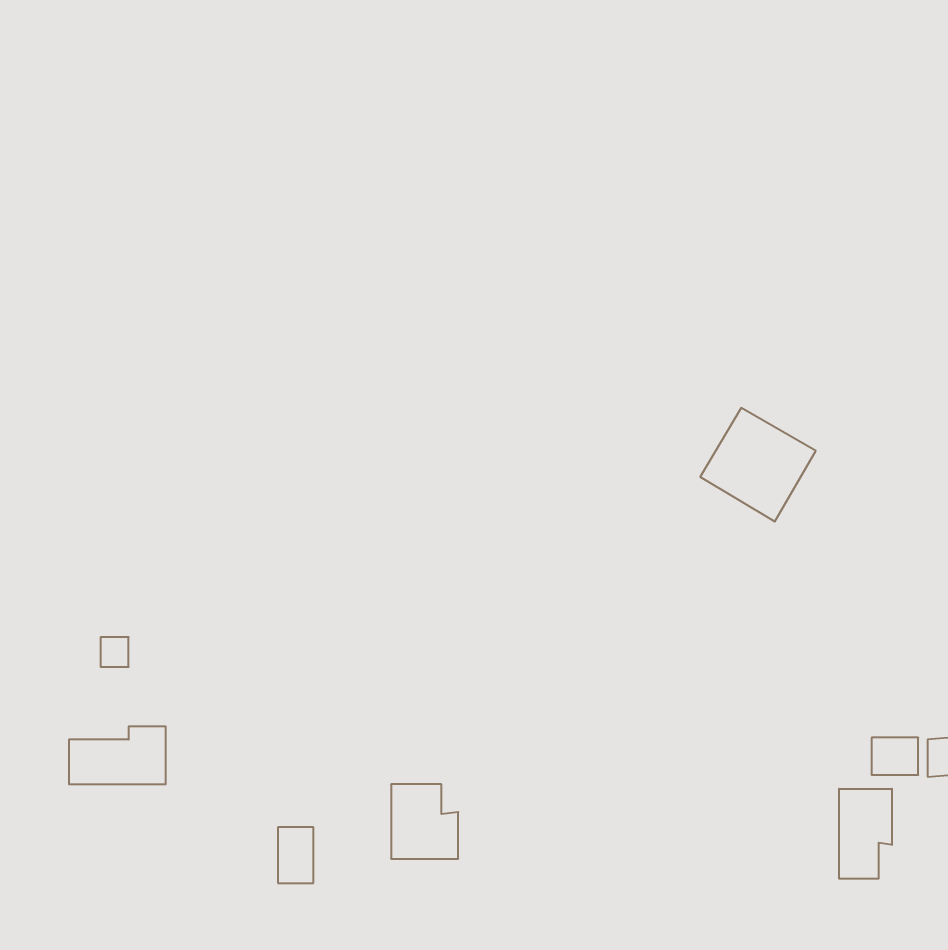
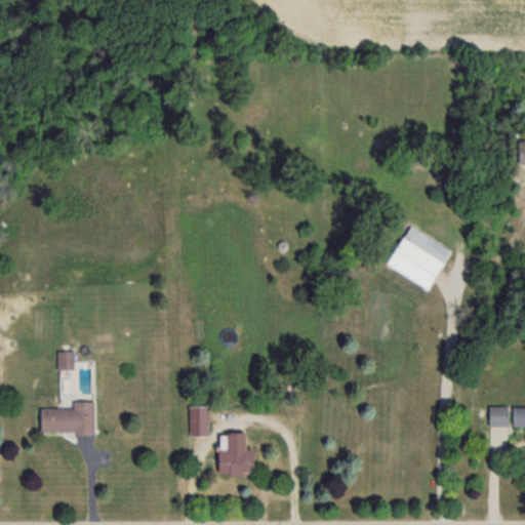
building: [839,789,892,879] -> none
building: [278,827,313,883] -> [190,406,209,437]

